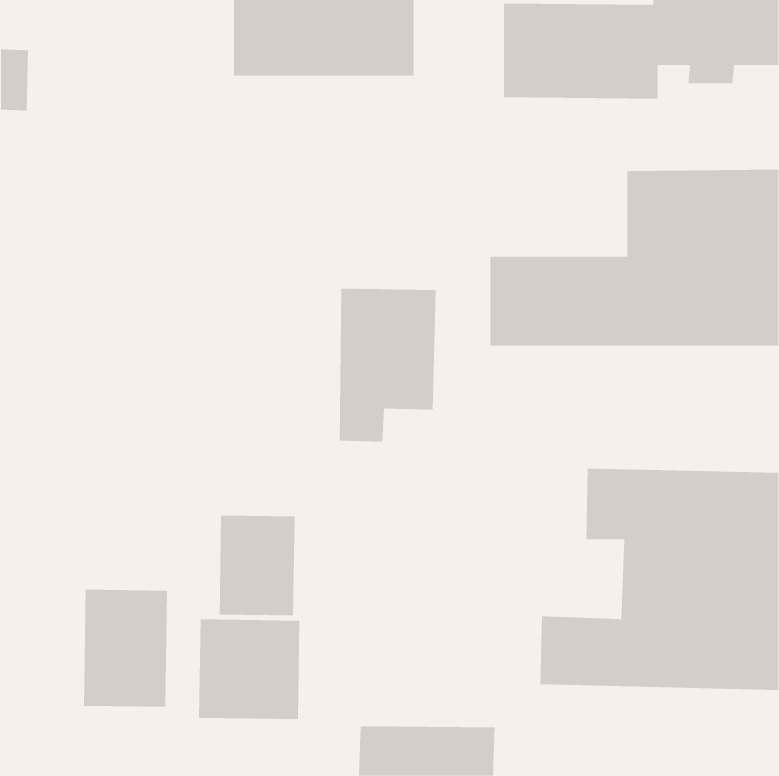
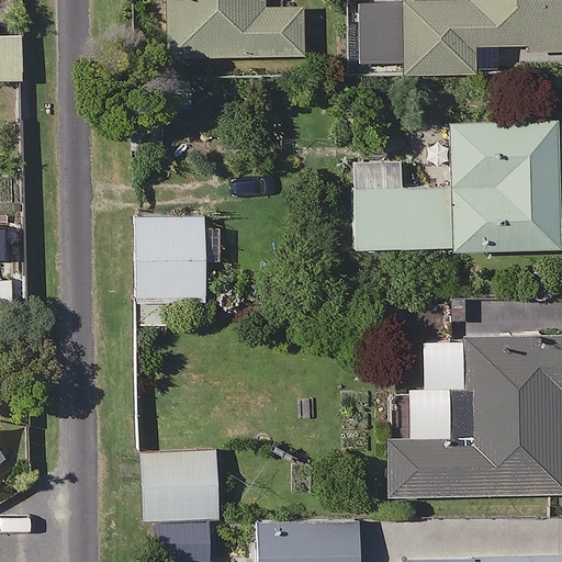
building: [339,288,437,442] -> [135,214,205,325]
building: [219,515,295,616] -> none
building: [83,589,167,708] -> none

